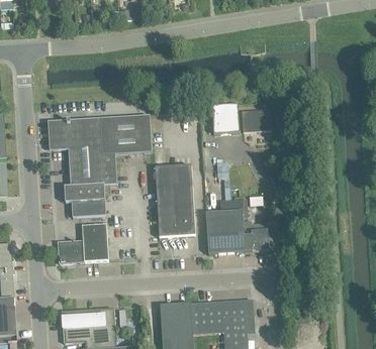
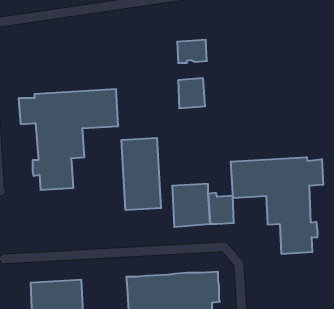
building: [242,107,272,130] -> [177,40,207,63]
building: none -> [231,157,323,254]
building: [58,222,109,261] -> none

